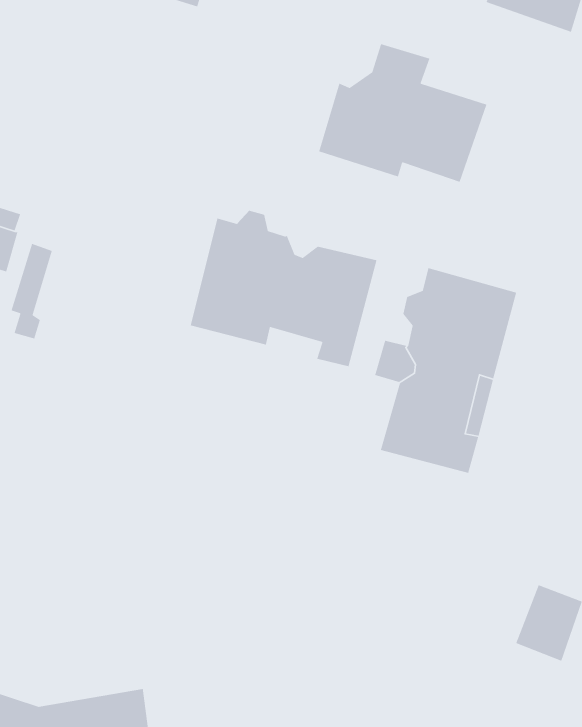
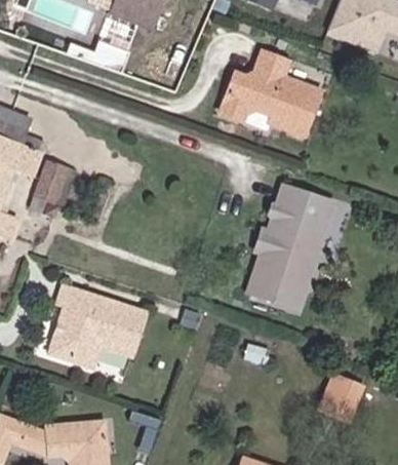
building: [190,210,378,367] -> none
building: none -> [52,280,152,376]

